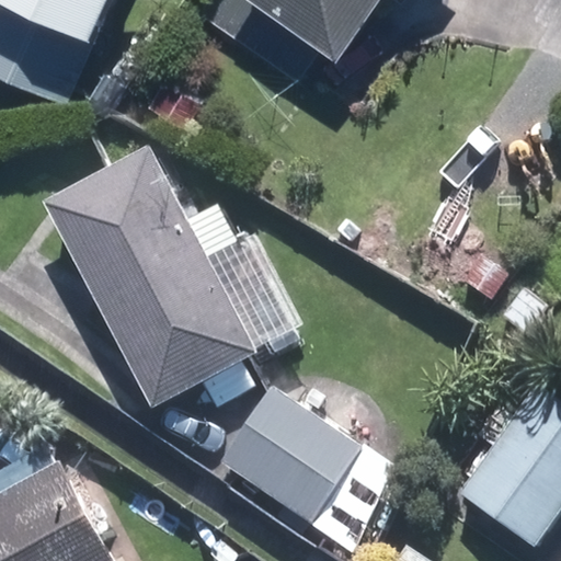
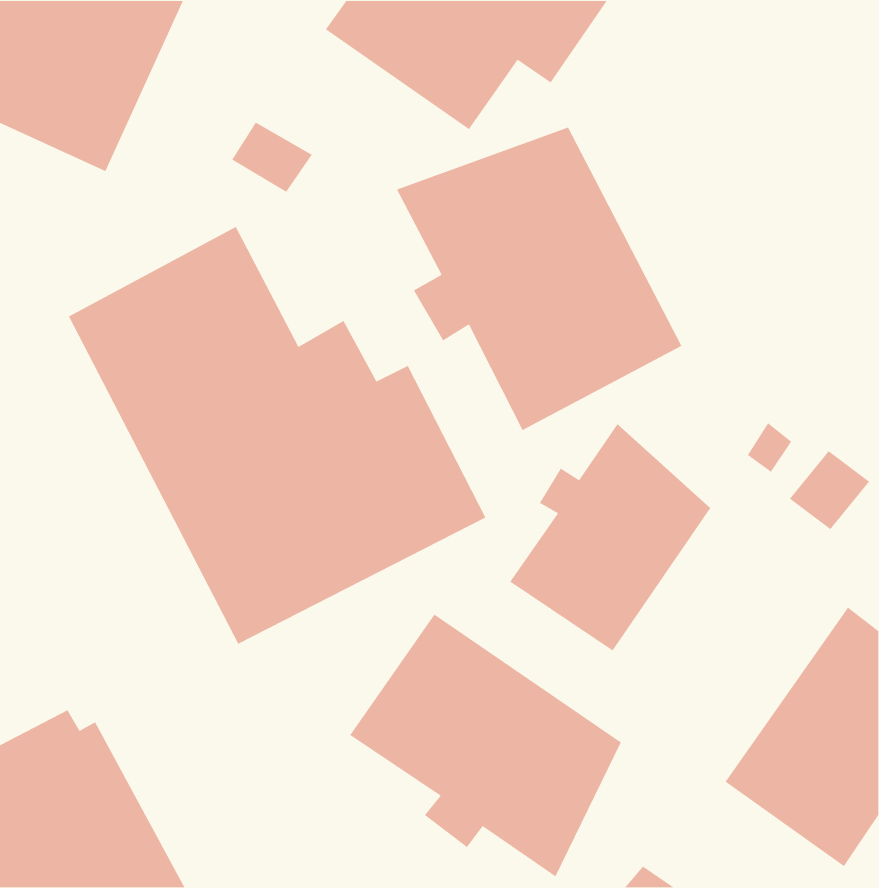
building: none -> [396,127,682,431]
building: none -> [509,423,711,652]

